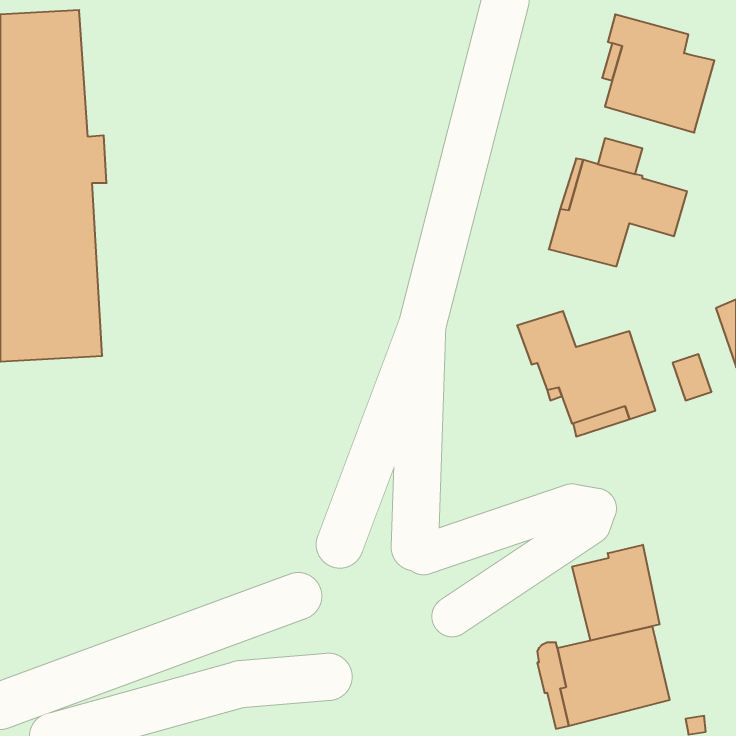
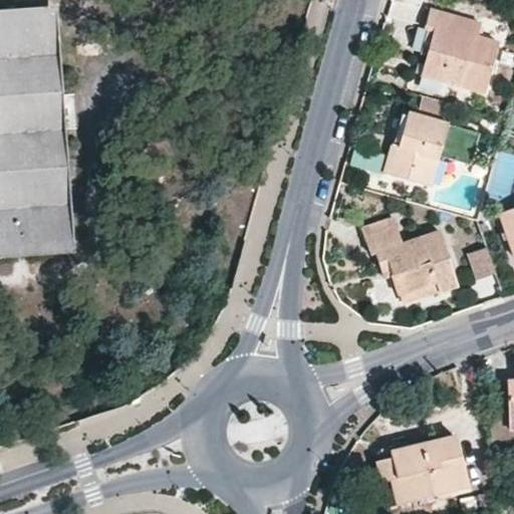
building: [572,545,660,641] -> none

